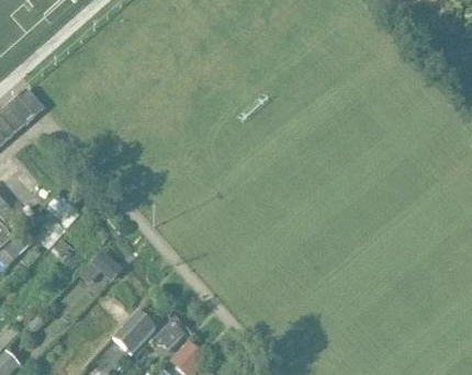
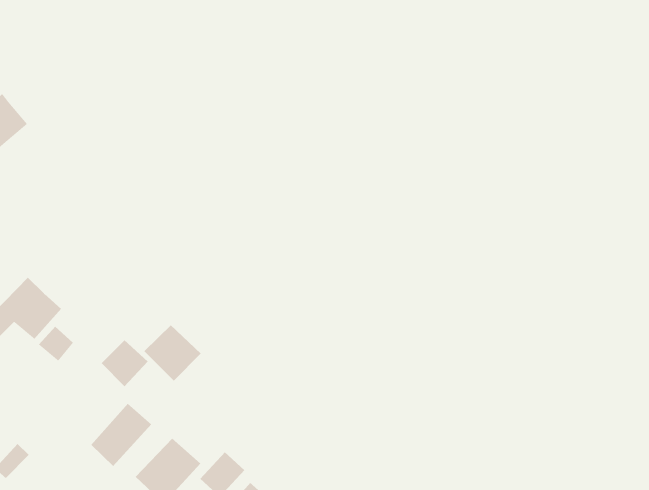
building: none -> [143,324,202,382]
building: none -> [90,403,152,467]

